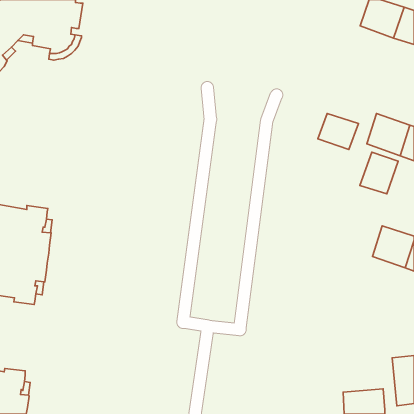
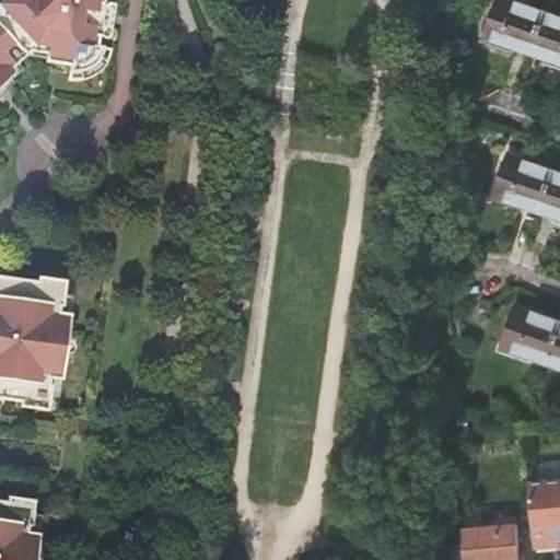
building: [318,113,358,149] -> none
building: [360,152,398,194] -> none

